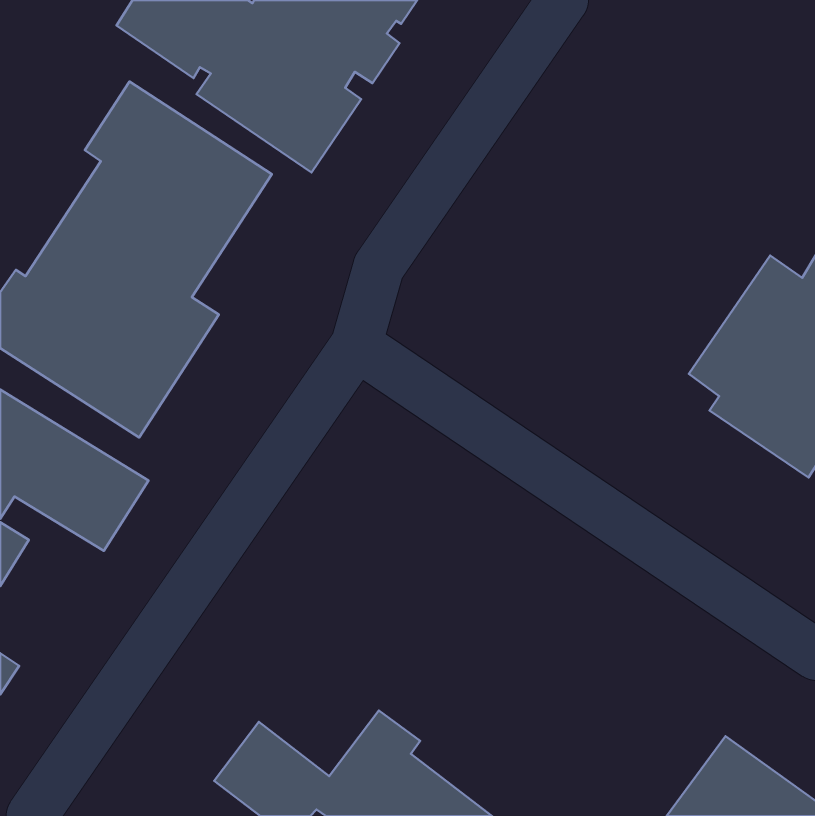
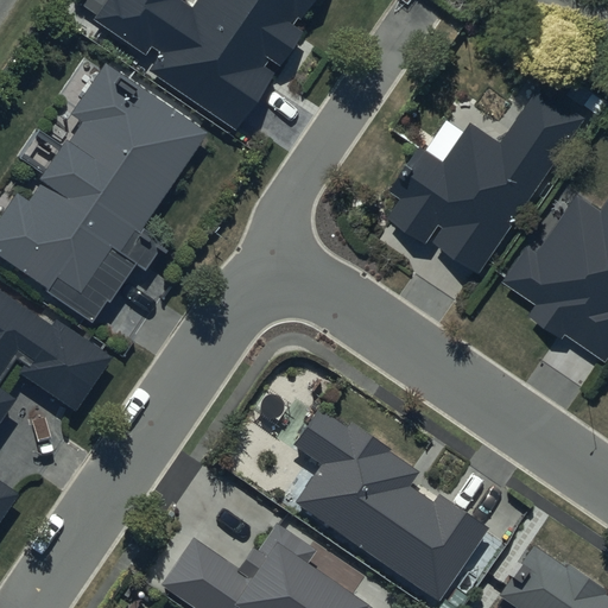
building: none -> [391,82,593,271]
building: none -> [284,407,486,598]

